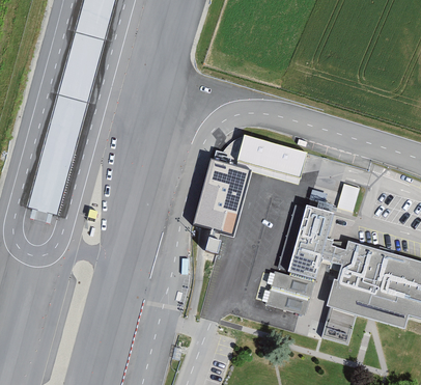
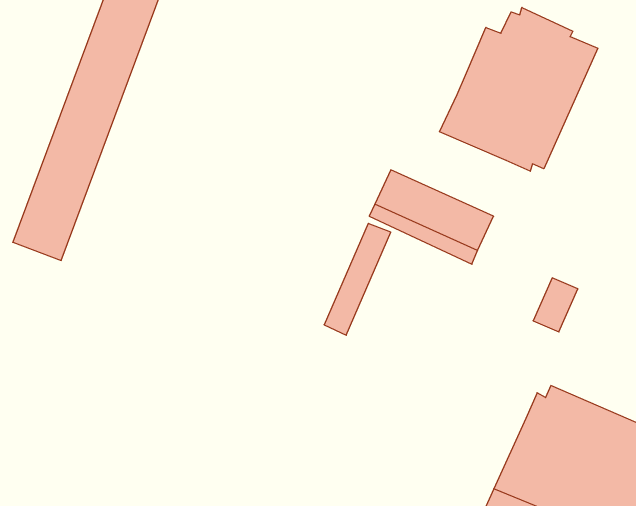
building: none -> [439,7,598,171]
building: [192,158,235,231] -> none
building: [265,203,345,312] -> none

